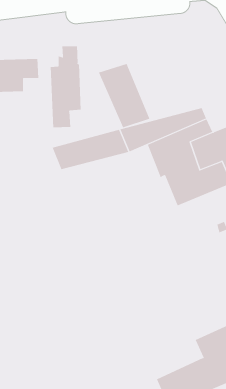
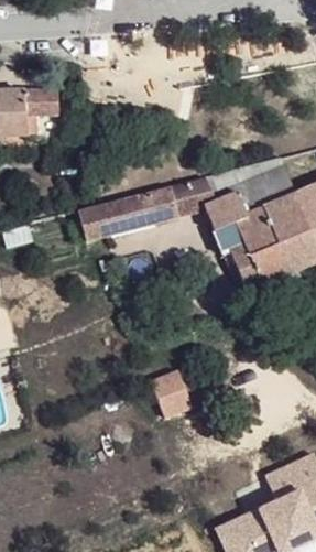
building: [50,45,81,128] -> none
building: [98,63,150,128] -> none
building: none -> [146,370,192,421]

